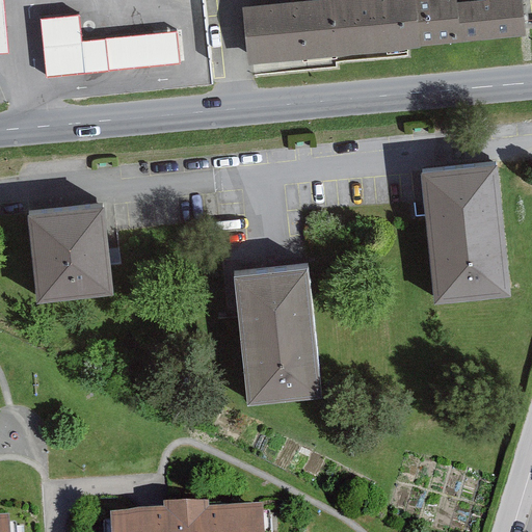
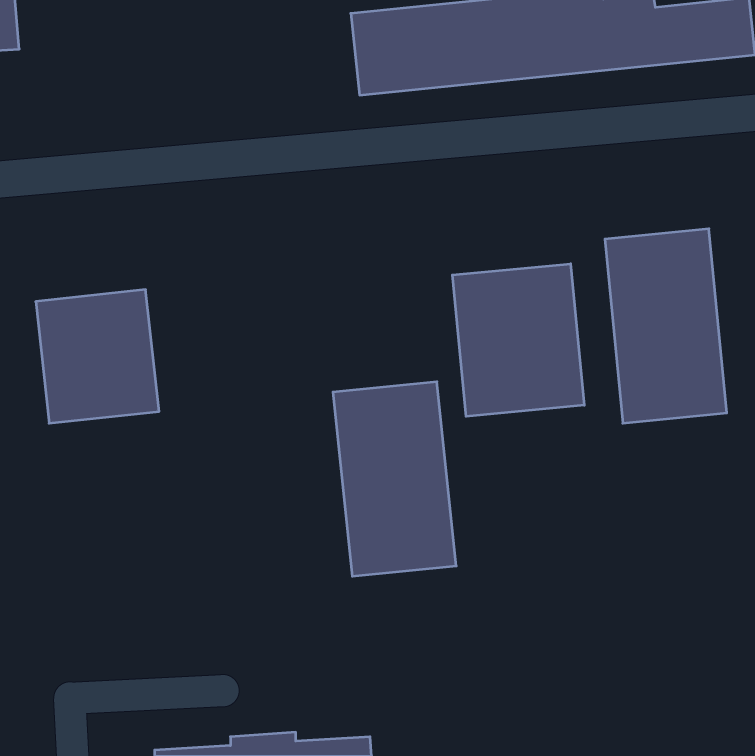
building: [39,14,178,74] -> none
building: none -> [452,264,584,416]

